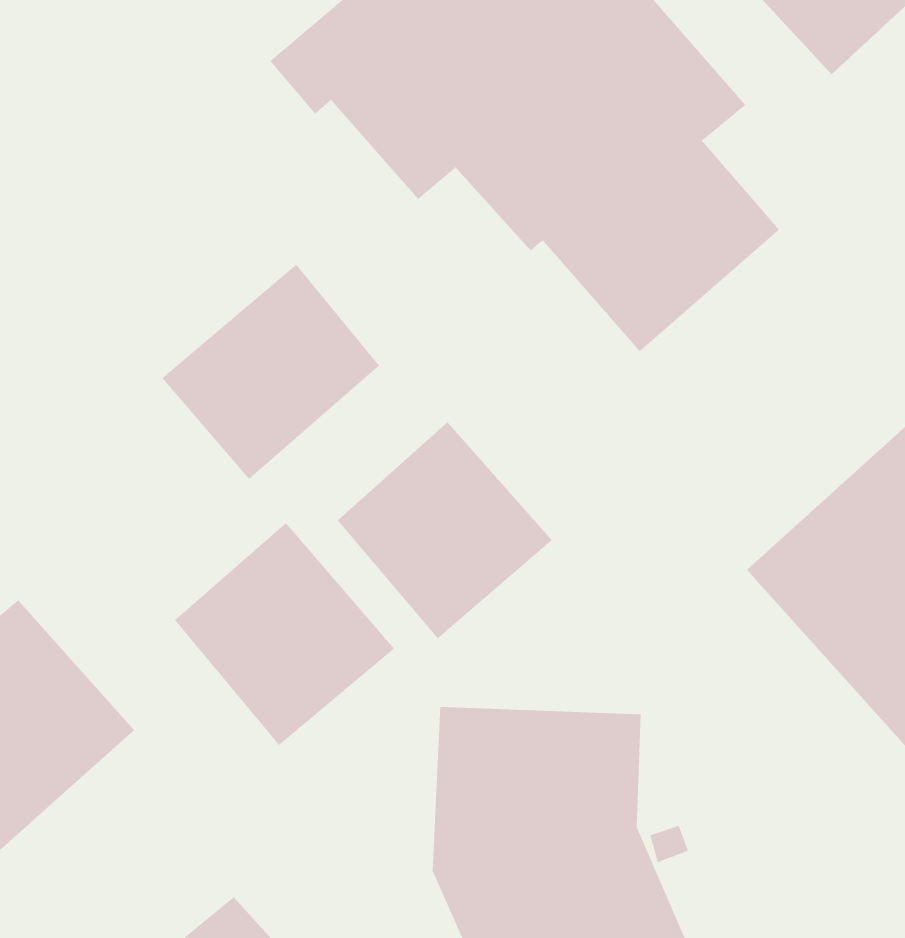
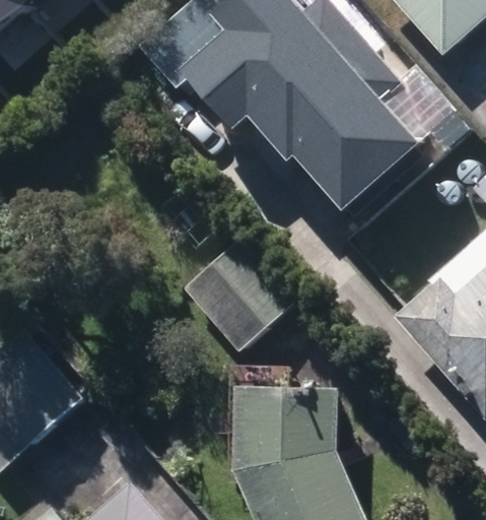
building: [161,264,380,480] -> none
building: [174,522,395,746] -> none

